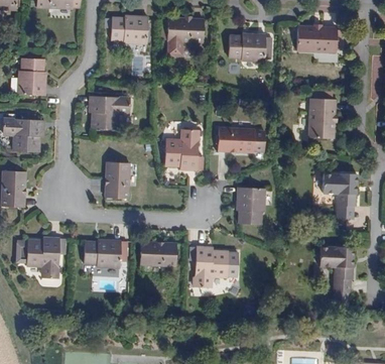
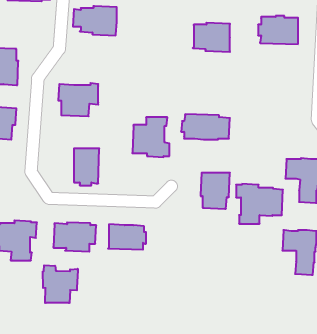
building: [166,14,207,54] -> none
building: [307,98,338,139] -> none
building: [189,245,238,286] -> [236,184,283,224]
building: none -> [43,265,78,303]

